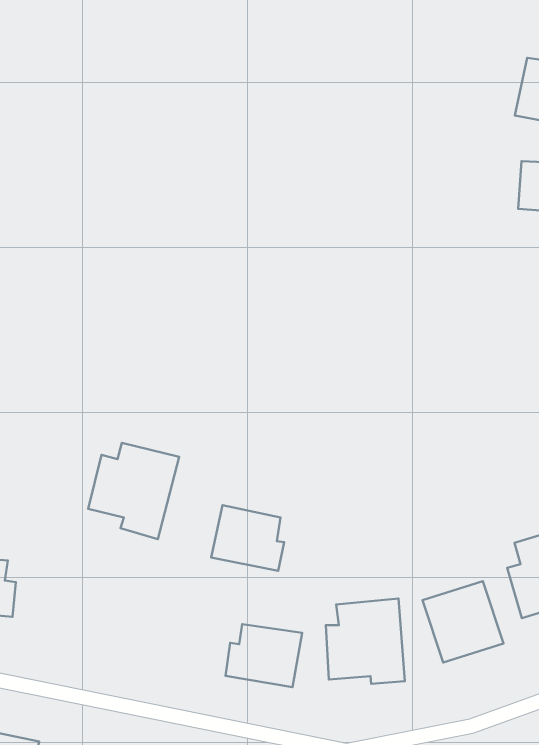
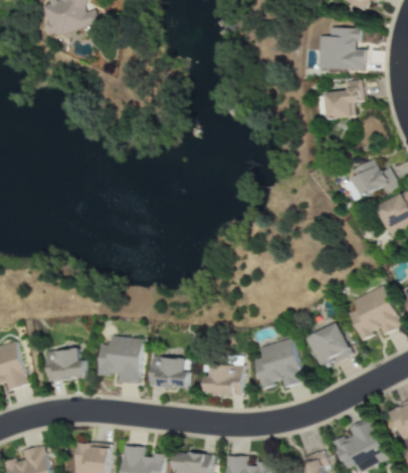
building: [88,443,179,539] -> [97,335,143,385]
building: [211,505,284,571] -> [150,357,188,388]

